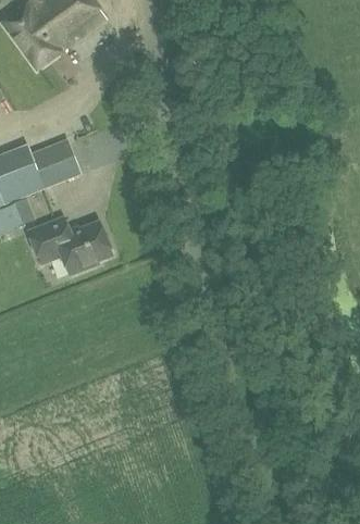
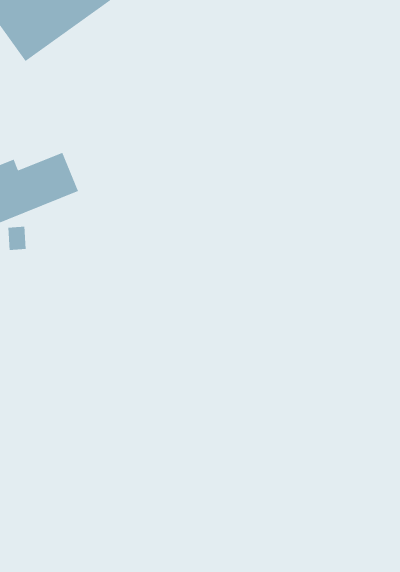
building: [28,216,112,273] -> none

